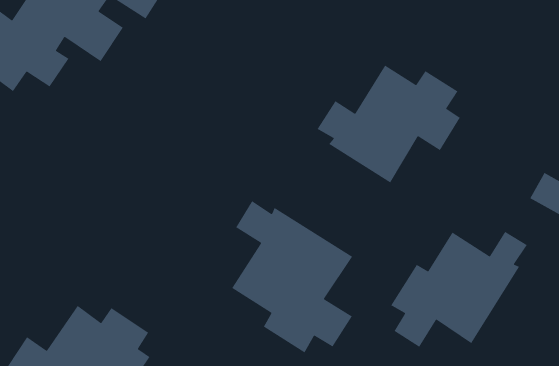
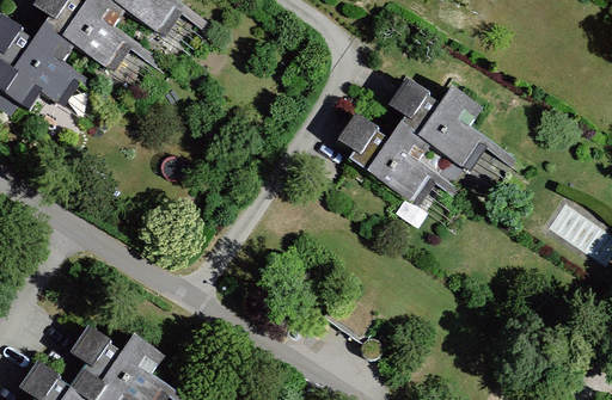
building: [231,200,353,354] -> none
building: [390,231,528,348] -> none

